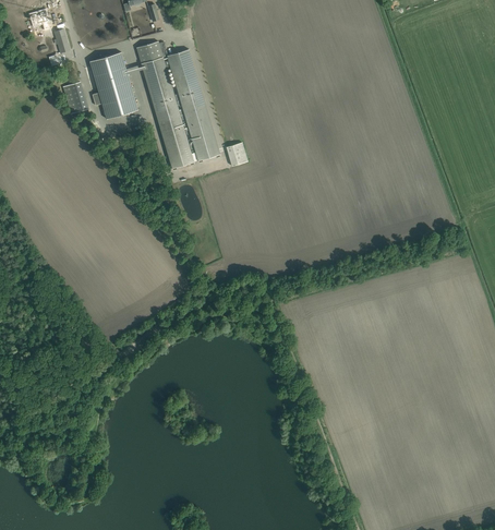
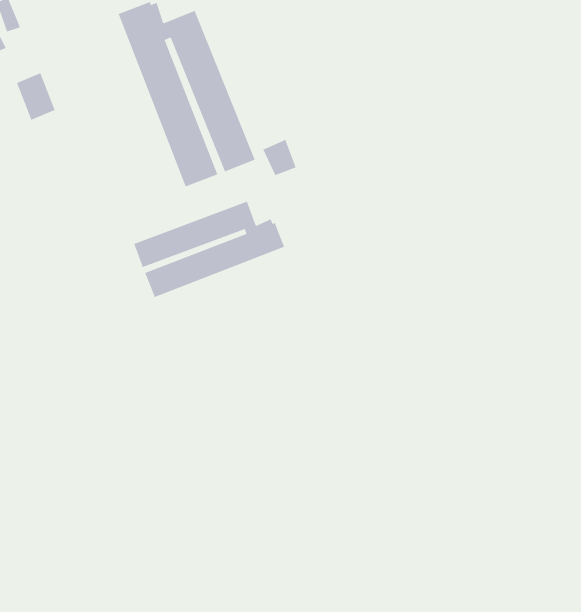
building: [89,52,137,119] -> none
building: none -> [133,201,285,298]

